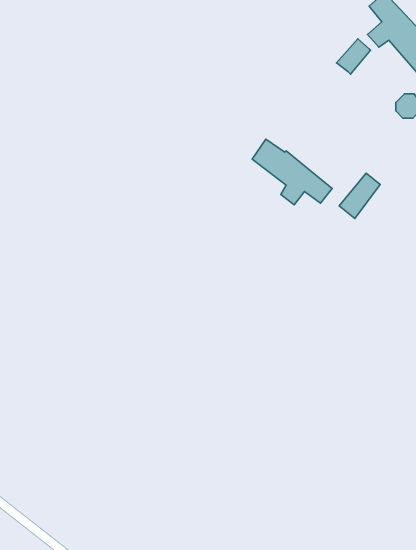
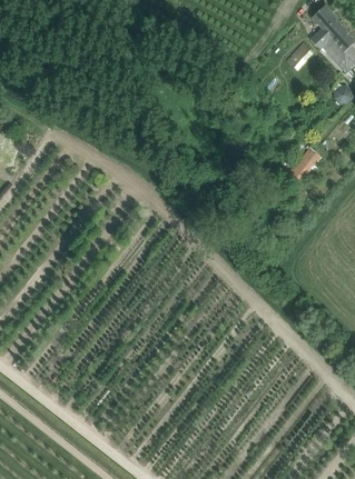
building: [252,139,332,205] -> none

